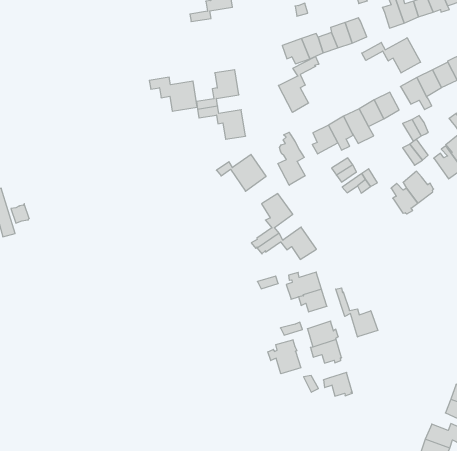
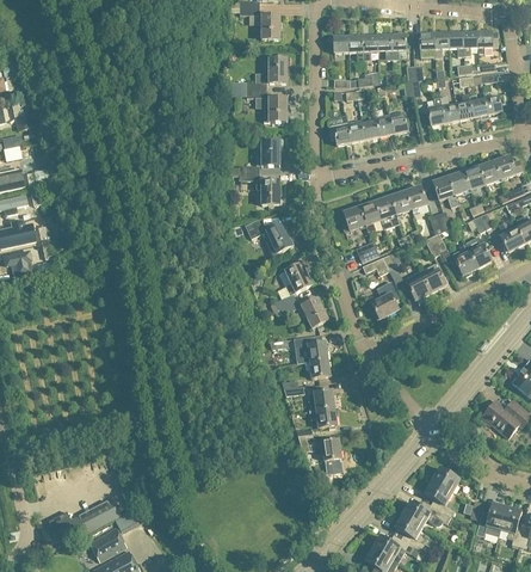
building: [362,38,421,73] -> none
building: [278,56,319,112] -> none
building: [149,77,197,111] -> [246,90,286,122]
building: [278,132,305,185] -> none
building: none -> [370,279,399,319]
building: [336,288,378,337] -> none
building: [268,340,301,374] -> none

